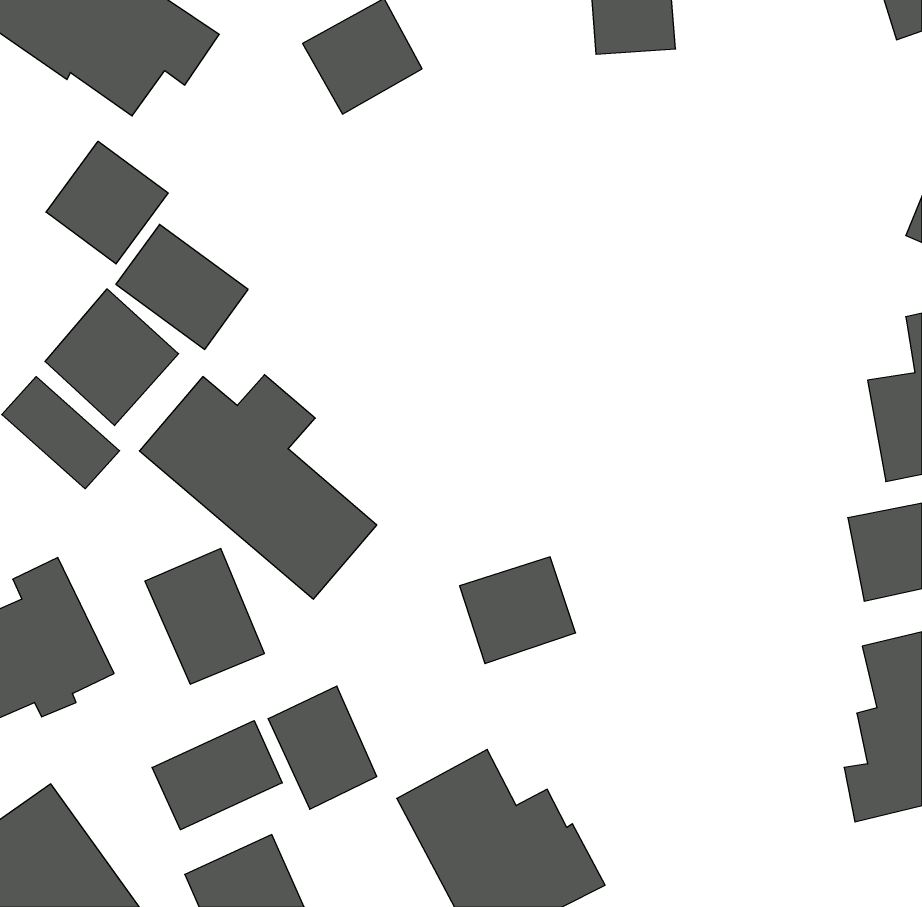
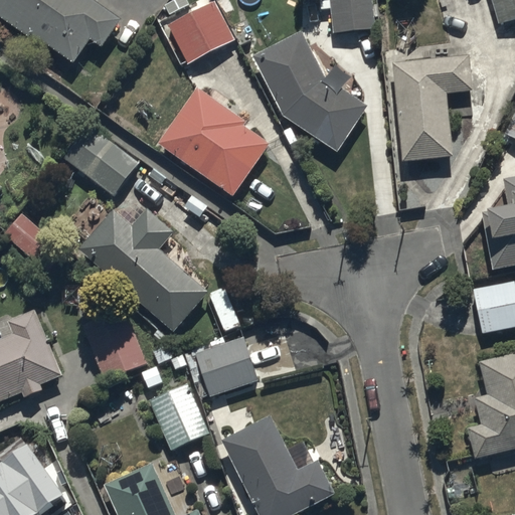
building: none -> [252,31,368,154]
building: none -> [391,52,474,162]
building: [46,141,168,264] -> none
building: none -> [158,88,269,196]
building: [45,289,179,426] -> none
building: [460,557,576,664] -> [194,335,259,394]
building: [152,721,282,830] -> none

